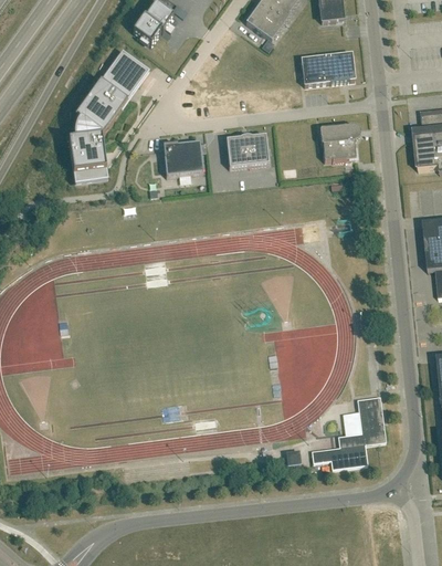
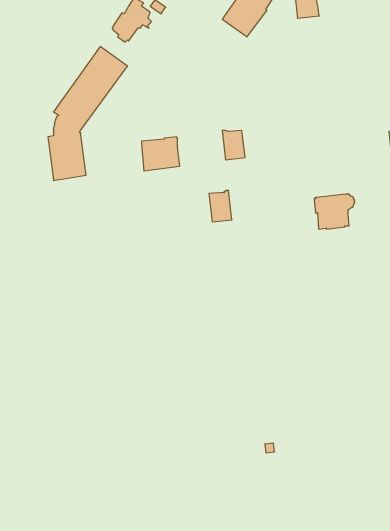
building: [301,52,355,83] -> none
building: [319,124,360,159] -> [314,194,355,229]
building: [225,134,249,166] -> [209,190,232,222]
building: [312,395,386,468] -> none

